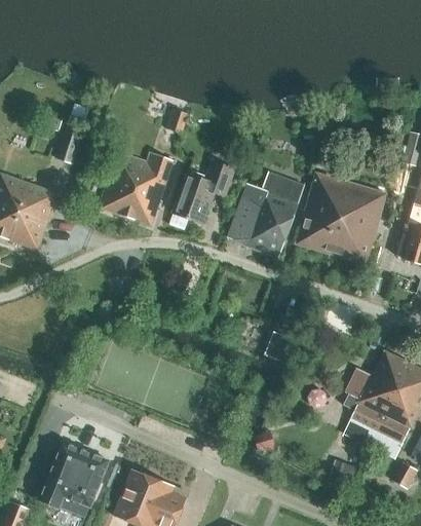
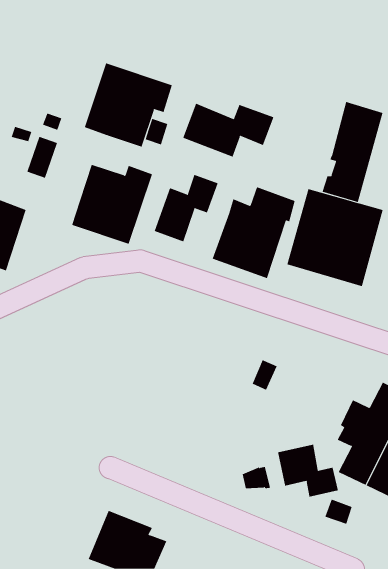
building: none -> [84,63,173,147]
building: none -> [322,101,383,203]
building: none -> [183,103,274,157]
building: none -> [277,444,339,498]
building: [39,442,108,517] -> none

